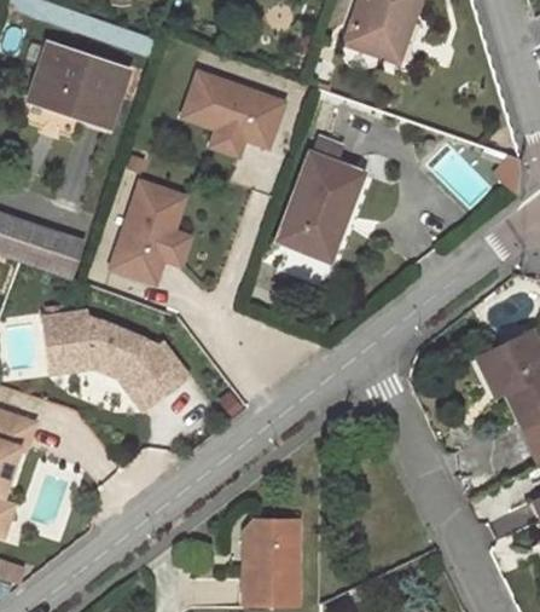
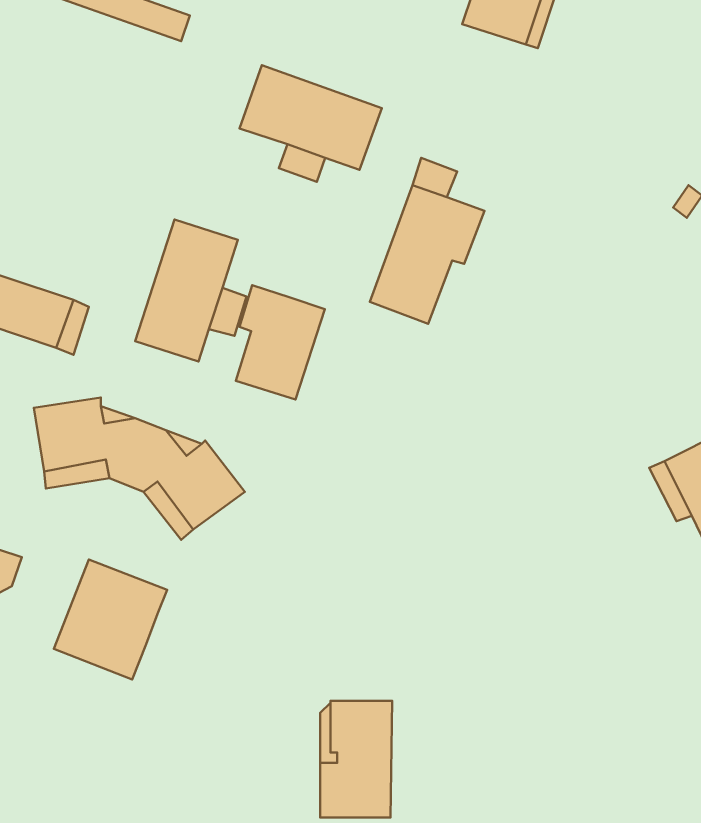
building: [30,47,126,126] -> none
building: none -> [236,285,325,399]
building: none -> [54,559,167,679]

